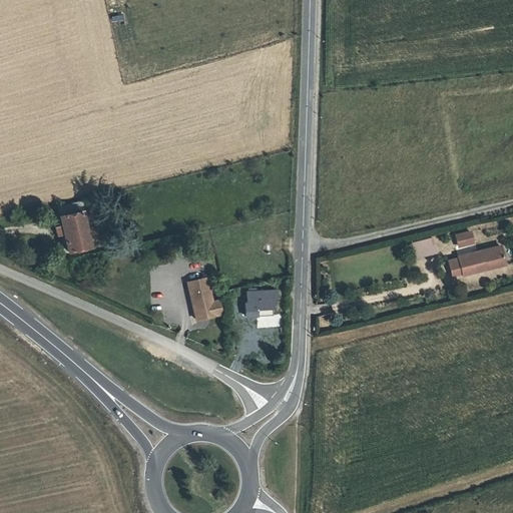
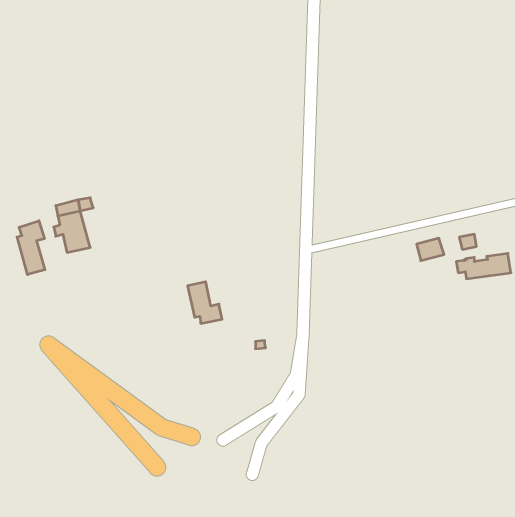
building: none -> [17,221,45,275]
building: [245,290,280,315] -> none

